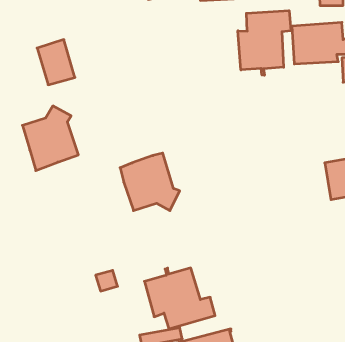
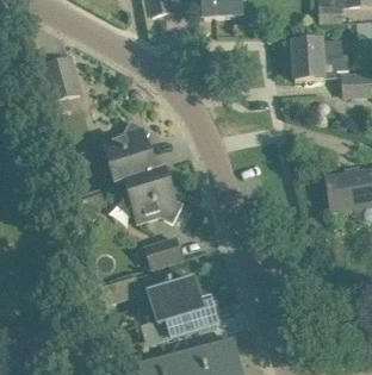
building: [238,11,291,75] -> none
building: [22,106,78,171] -> [100,120,155,183]
building: none -> [143,237,181,268]

